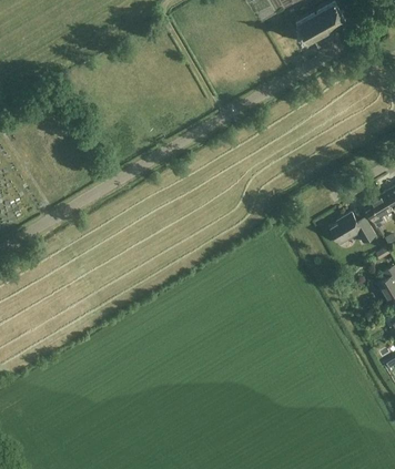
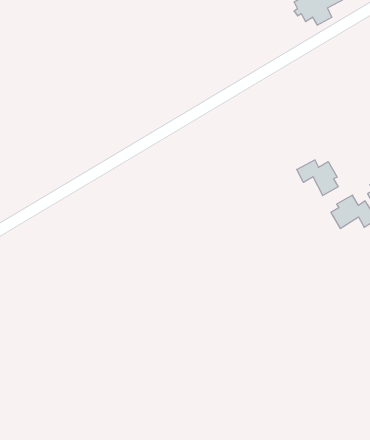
building: none -> [297,160,338,196]

